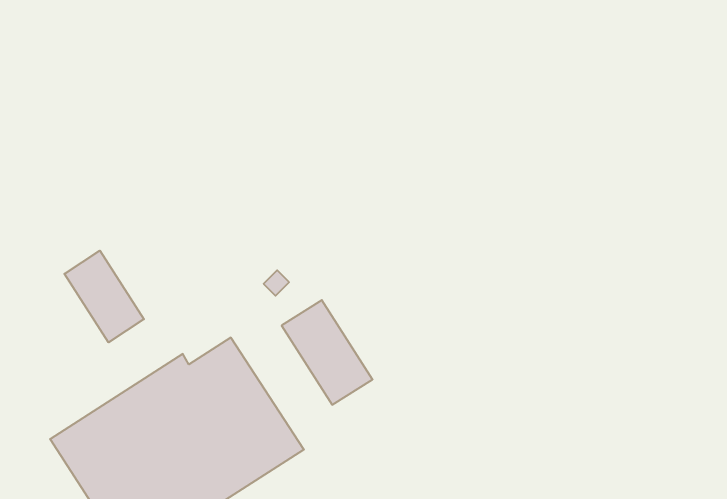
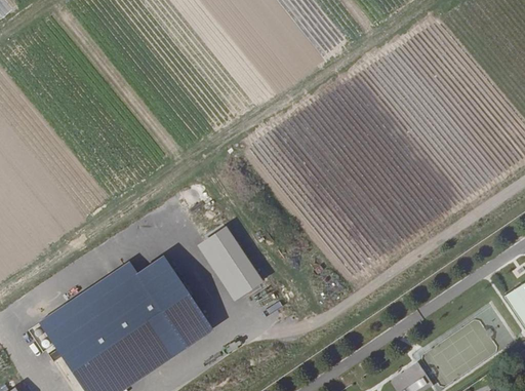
building: [64,251,144,342] -> none

